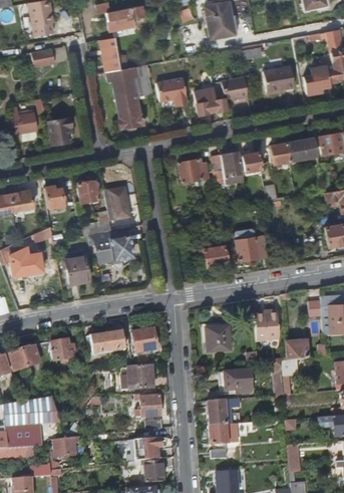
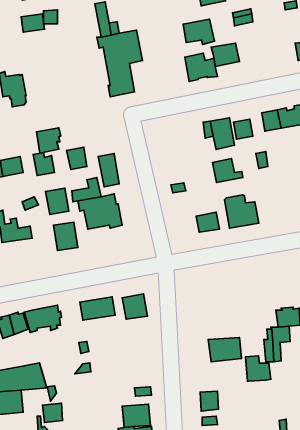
building: [264,66,295,91] -> none
building: [156,81,188,106] -> [183,19,215,44]
building: [49,117,73,143] -> [37,128,61,153]
building: [179,159,209,183] -> [212,158,243,183]
building: none -> [45,188,69,215]
building: [255,310,278,337] -> none
building: [207,323,231,348] -> none
building: [127,364,154,389] -> none
building: [138,395,160,416] -> none
building: [207,399,232,424] -> [245,356,271,381]

